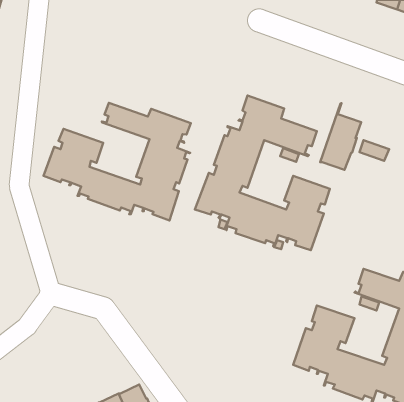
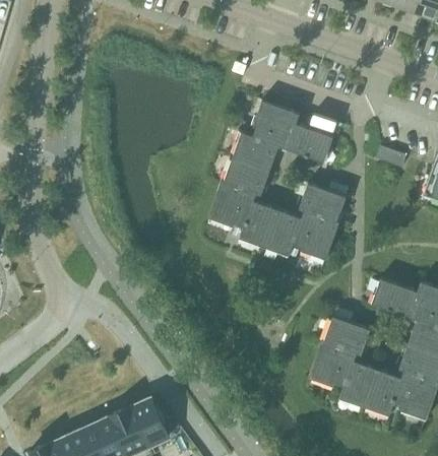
building: [44,103,191,221] -> none
building: [320,103,361,170] -> none

